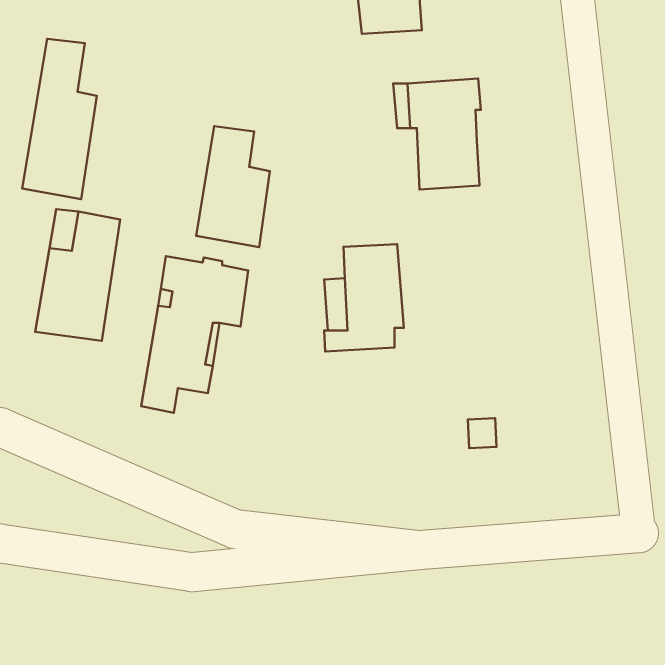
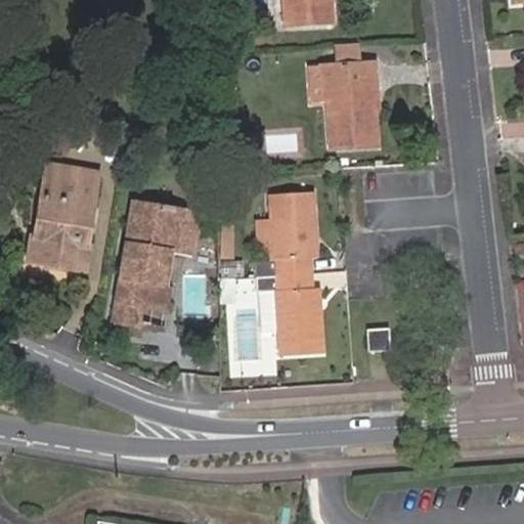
building: [22,39,97,199] -> none
building: [196,126,270,247] -> none
building: none -> [257,272,323,354]

